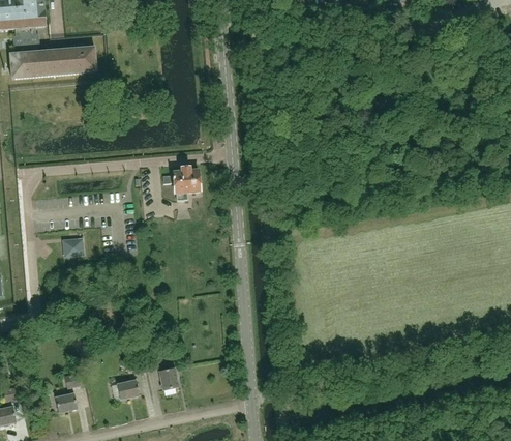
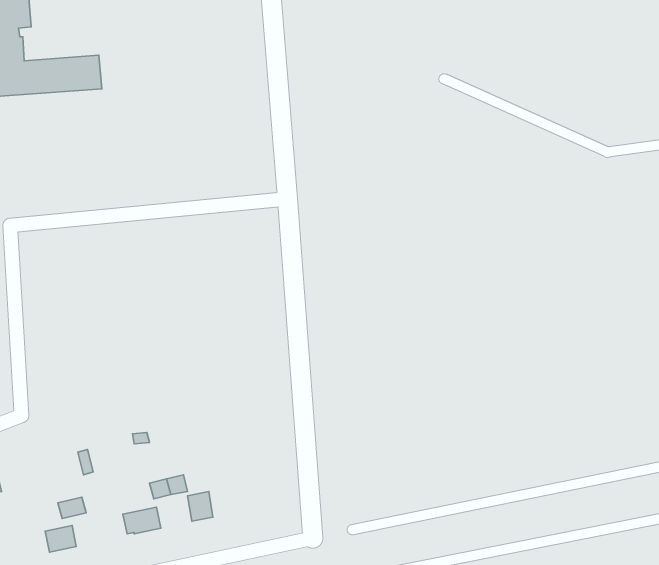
building: [161,167,200,200] -> none
building: [60,237,83,258] -> none

